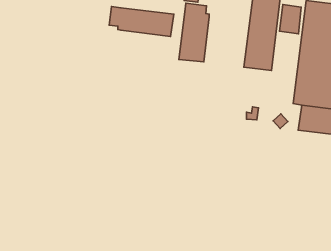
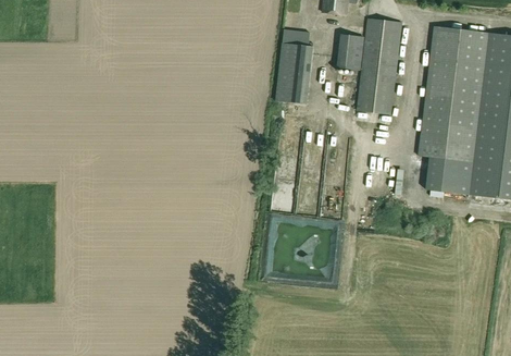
building: [279,4,301,34] -> [336,33,363,70]
building: [109,7,174,37] -> none

